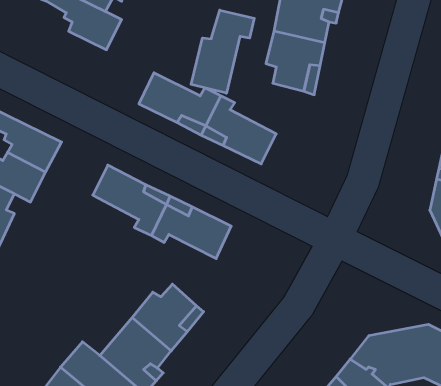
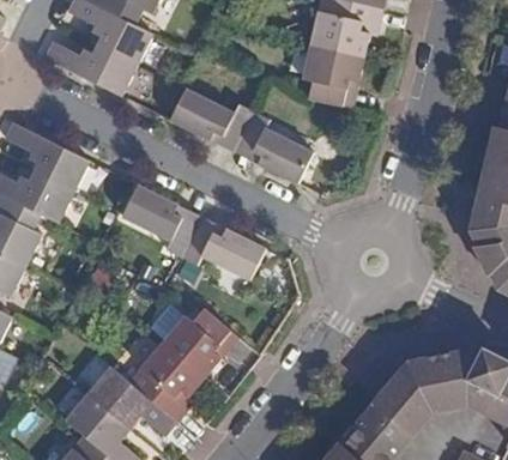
building: [191,10,254,93] -> none
building: none -> [44,42,135,96]

